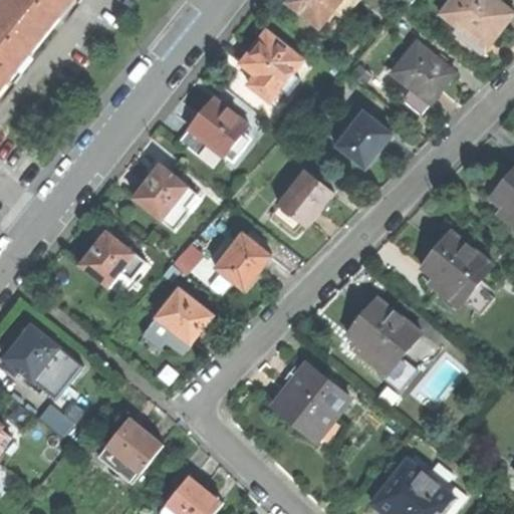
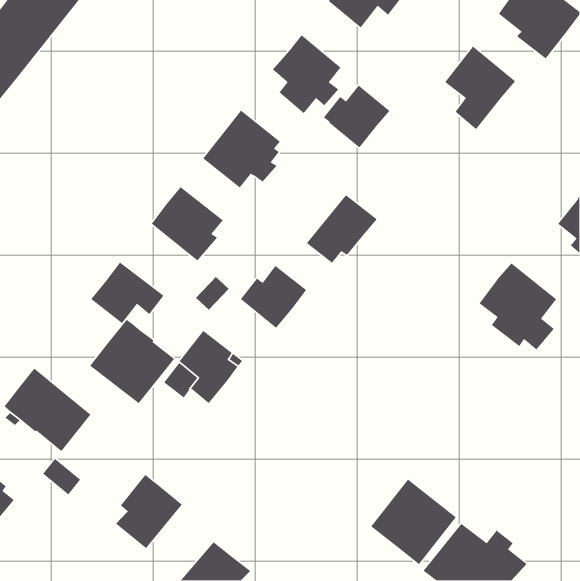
building: [332,110,392,167] -> [323,85,390,148]
building: none -> [89,319,175,404]
building: [346,297,418,389] -> none
building: [272,362,348,439] -> [370,478,457,565]

